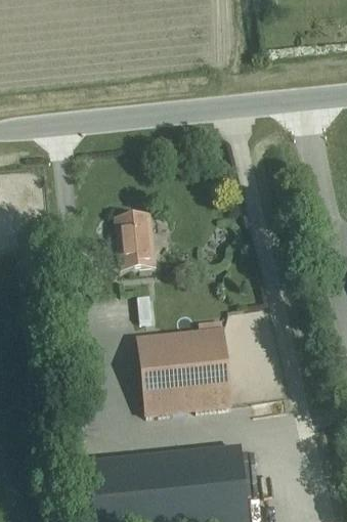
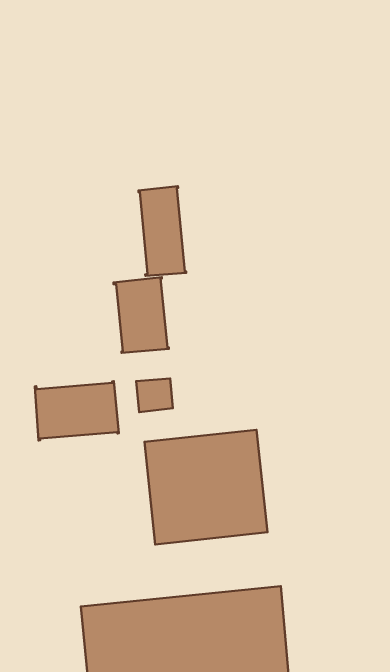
building: none -> [138,186,186,276]
building: none -> [35,381,119,440]

